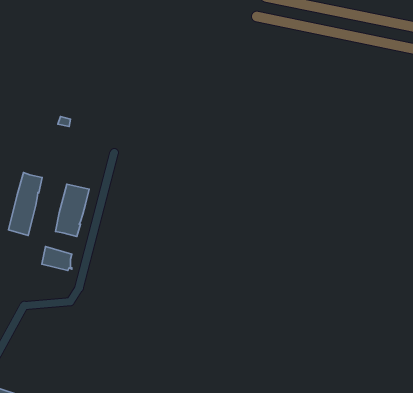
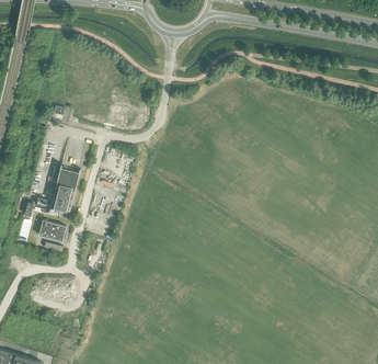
building: [9,172,42,235] -> none

